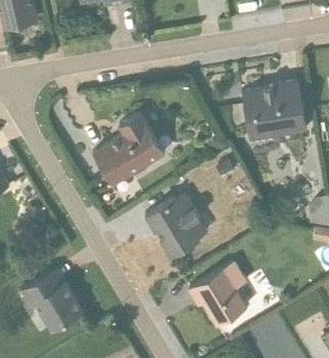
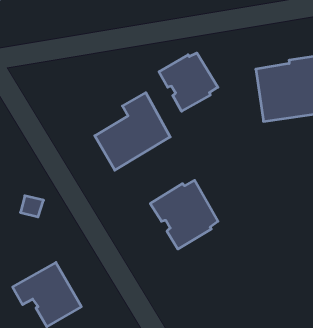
building: none -> [159,53,218,111]
building: [190,262,248,326] -> none

